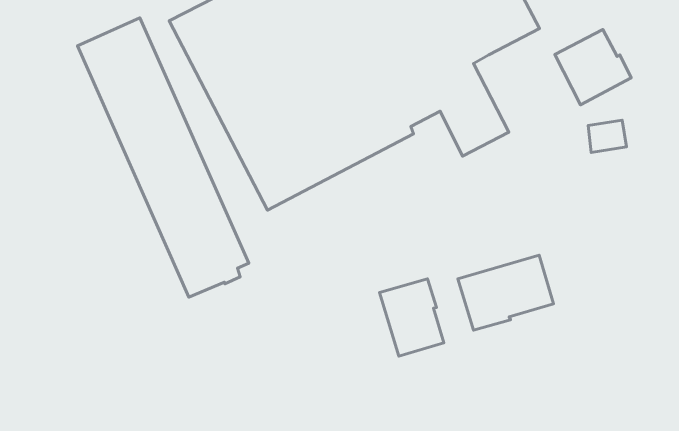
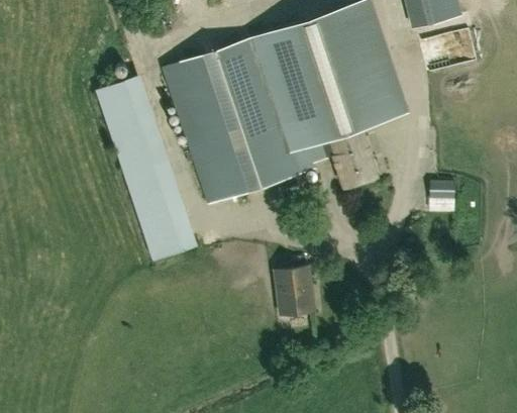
building: [555,30,631,105] -> none
building: [458,255,553,330] -> none

